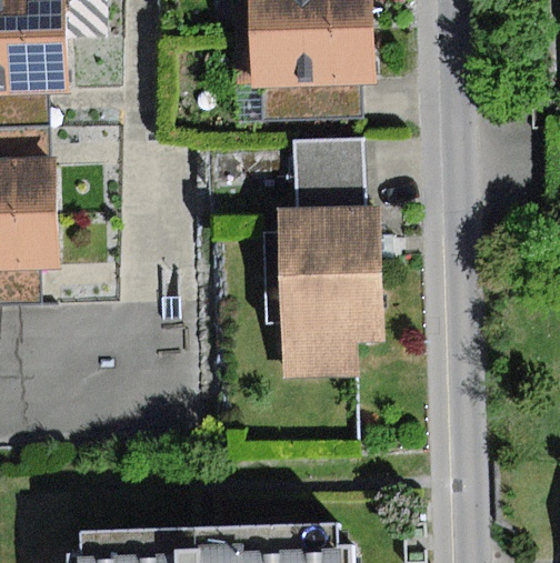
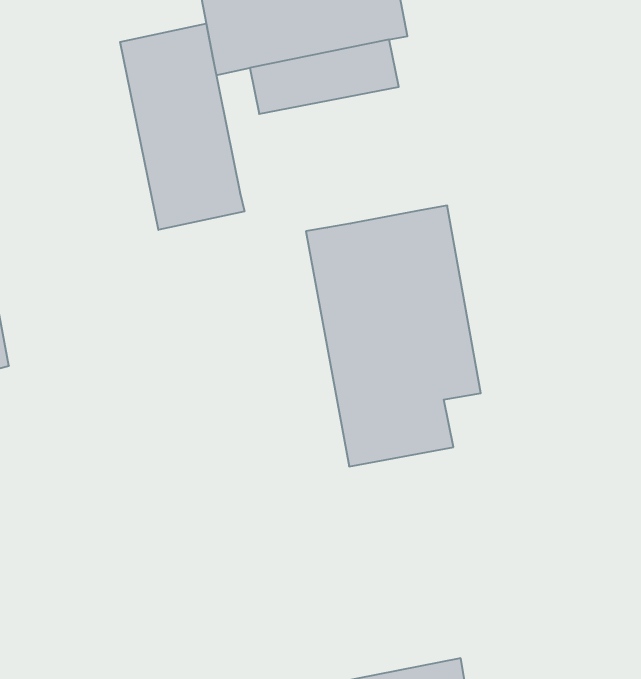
building: none -> [120,23,244,230]
building: [293,141,362,209] -> none

